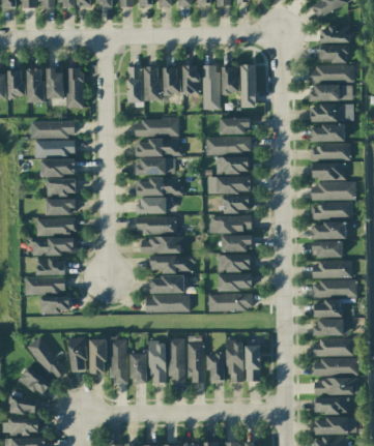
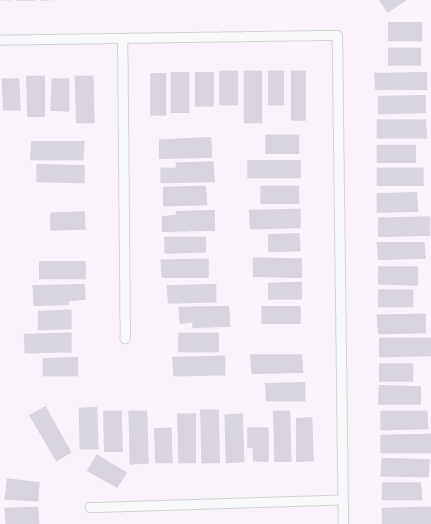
building: [40,158,76,176] -> none
building: [46,198,76,214] -> none
building: [218,273,252,290] -> [264,381,306,402]
building: [18,366,52,395] -> [86,453,128,489]

